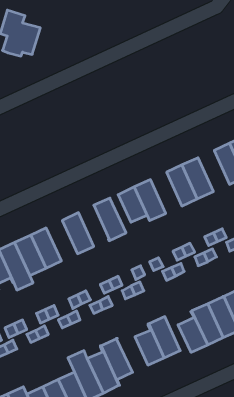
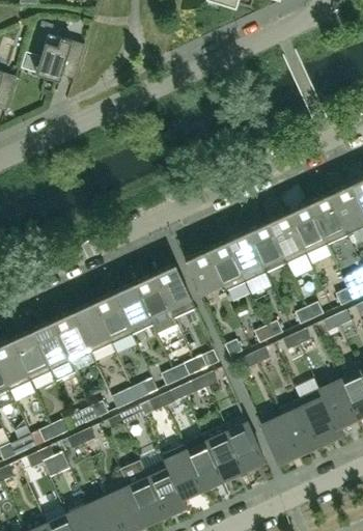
building: none -> [287,202,328,255]
building: none -> [226,230,267,283]
building: none -> [134,273,173,326]
building: none -> [92,292,133,344]
building: none -> [183,436,223,487]

